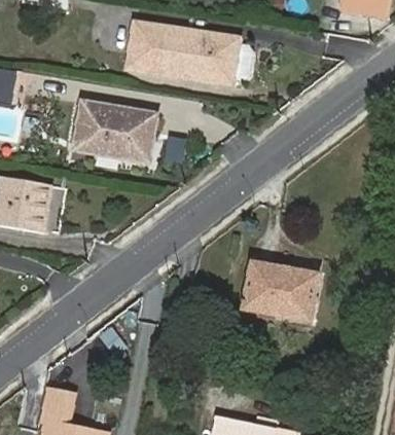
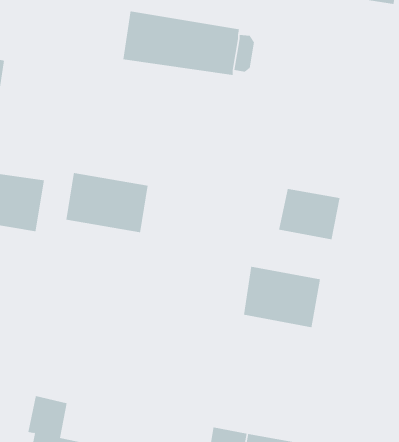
building: [75,100,154,157] -> [65,172,148,233]
building: none -> [278,188,340,240]

